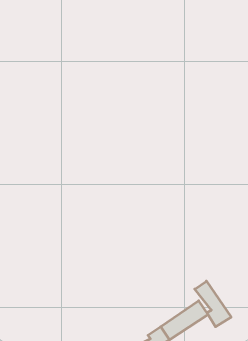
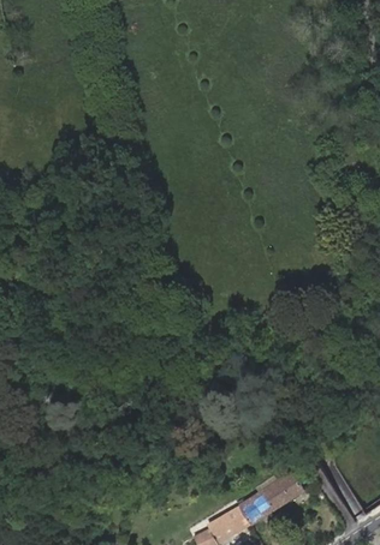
building: [195,281,231,327] -> none

